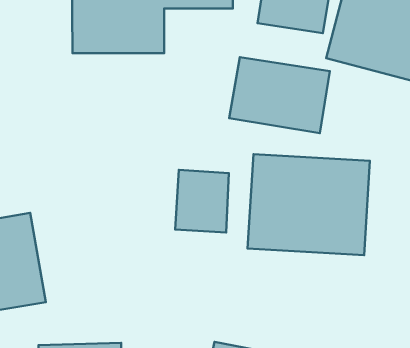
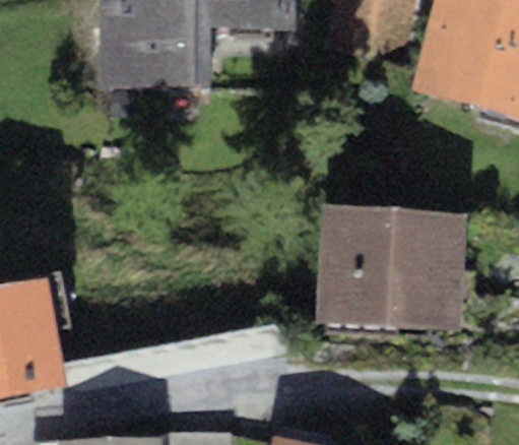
building: [229,57,330,133] -> none
building: [175,170,229,233] -> none

